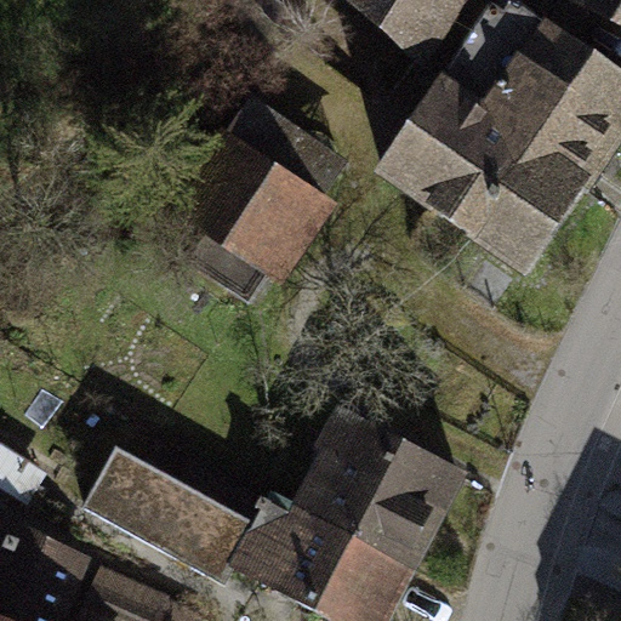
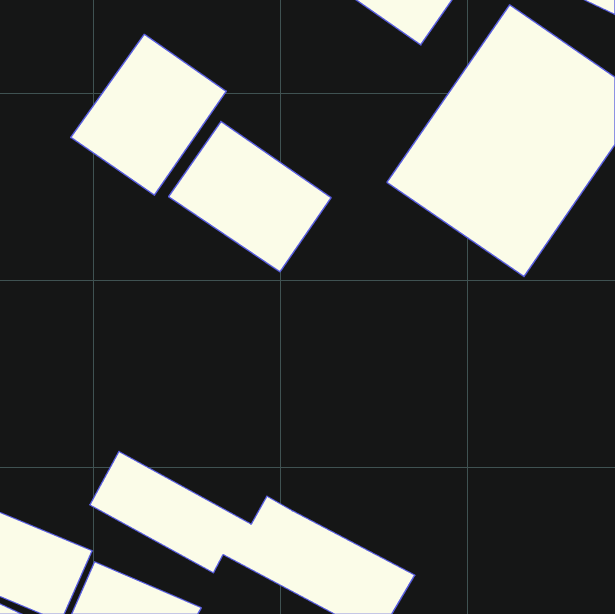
building: none -> [71,34,226,195]
building: [292,418,463,575] -> none

